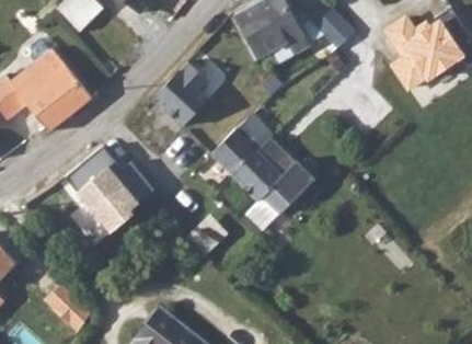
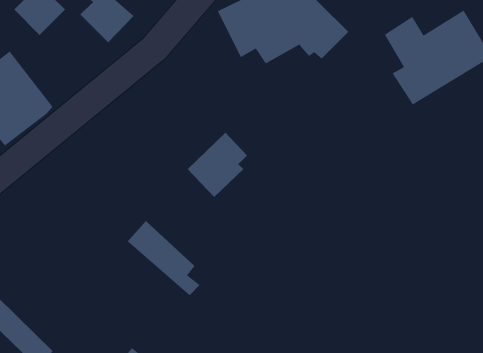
building: [153,59,210,124] -> none
building: [62,149,158,238] -> none
building: [234,152,310,214] -> none

